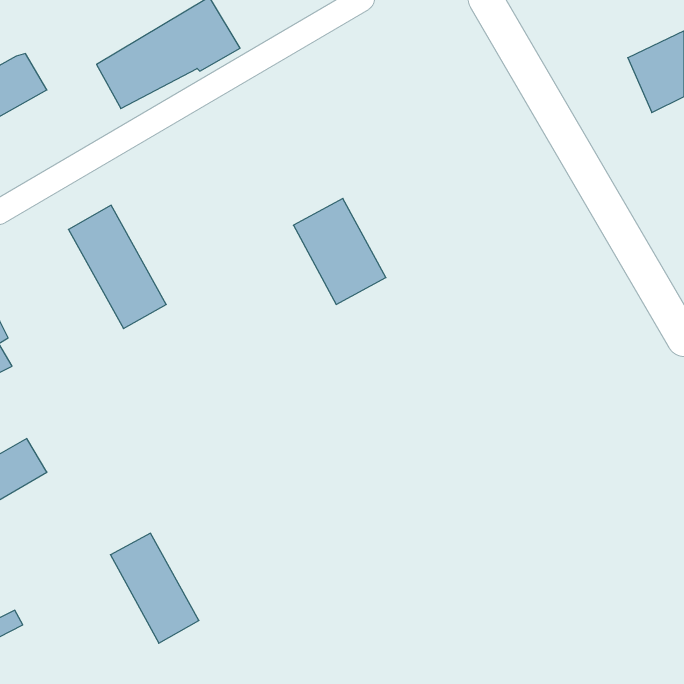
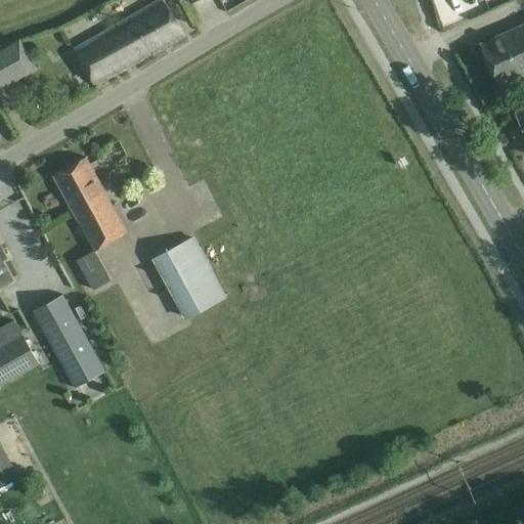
building: [293,198,386,304] -> [154,238,224,319]
building: none -> [76,250,110,289]
building: [110,533,199,643] -> [33,297,100,381]

